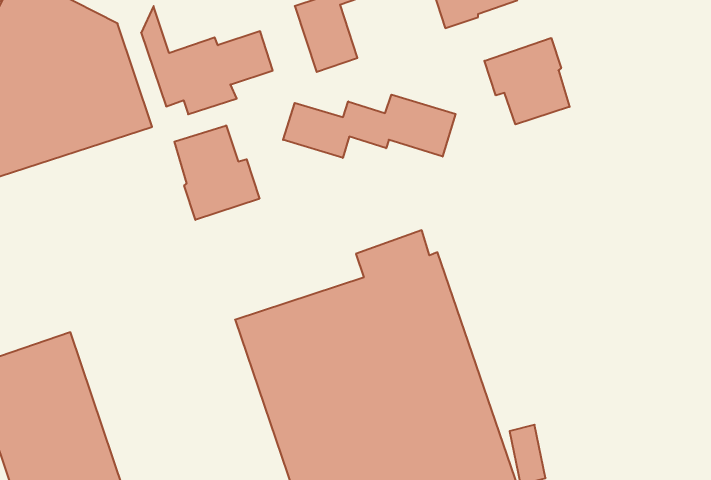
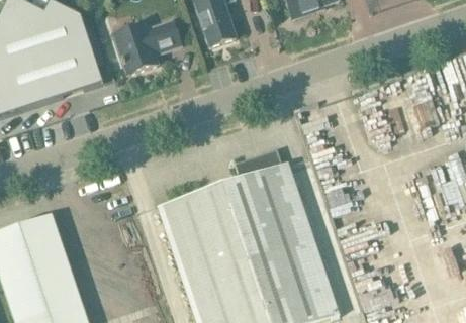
building: [484,38,570,124] -> none
building: [283,95,456,158] -> none
building: [174,125,259,220] -> none

